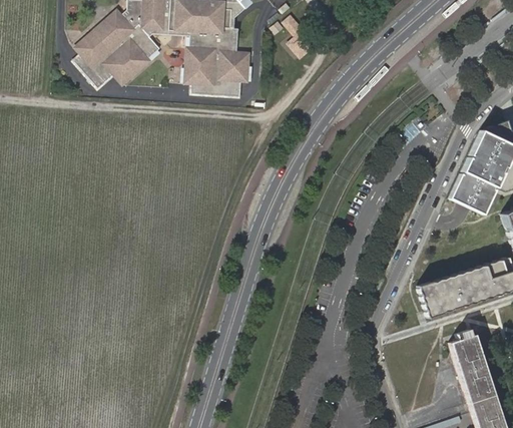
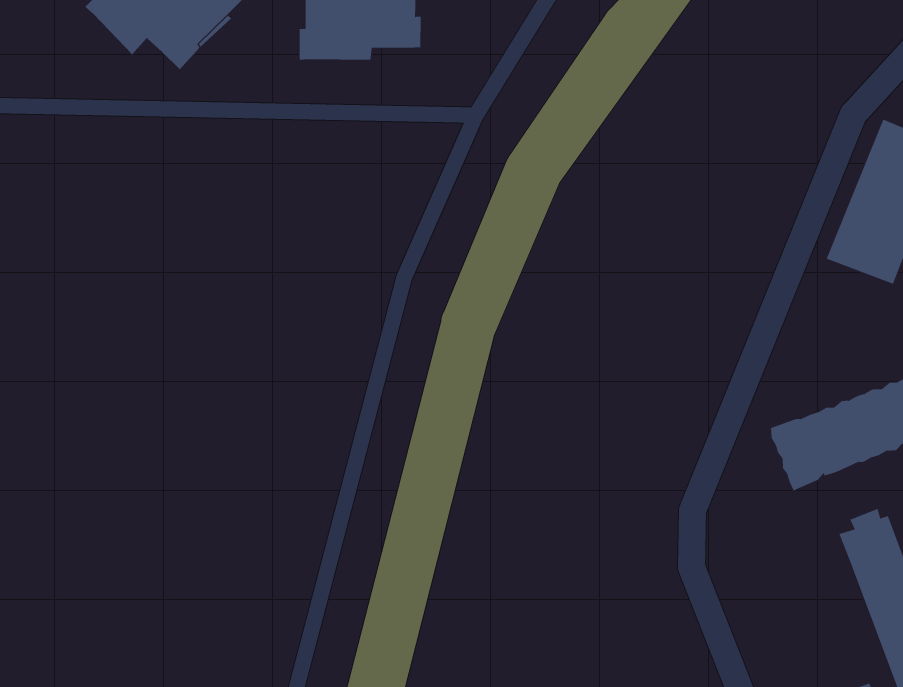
building: [75,54,116,89] -> none
building: [191,79,242,96] -> none

